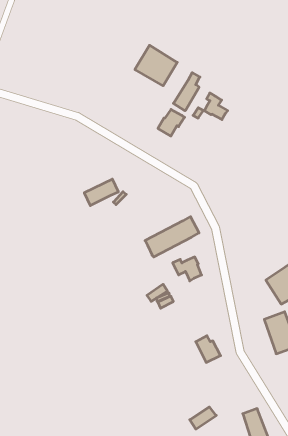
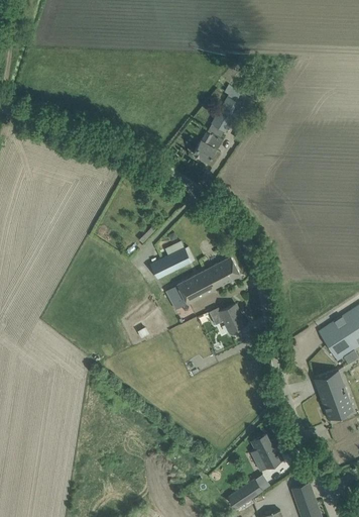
building: [135,45,177,86] -> none
building: [204,93,228,120] -> none
building: [84,179,118,206] -> [149,247,190,279]
building: [196,336,221,362] -> [251,435,280,467]

